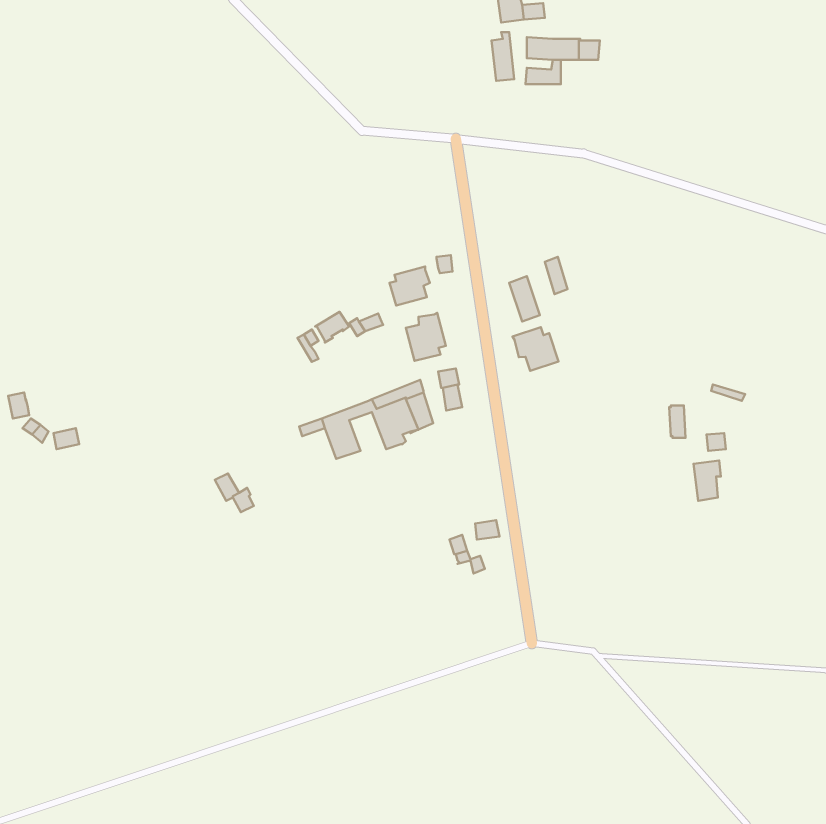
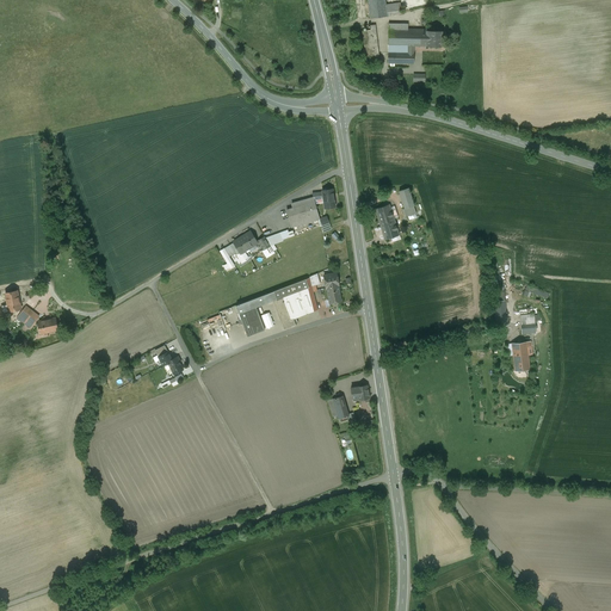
building: [406,313,446,361] -> none
building: [512,327,558,371] -> none

